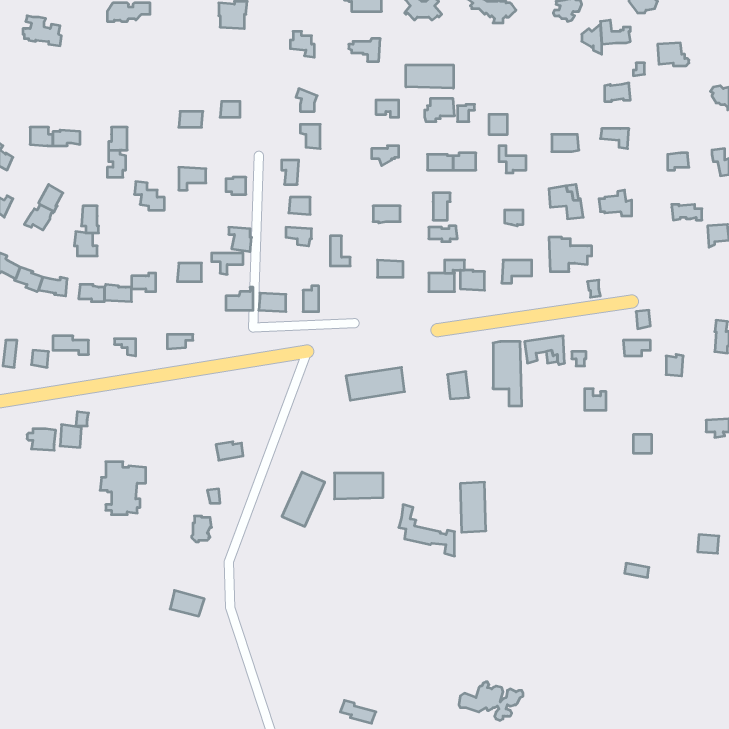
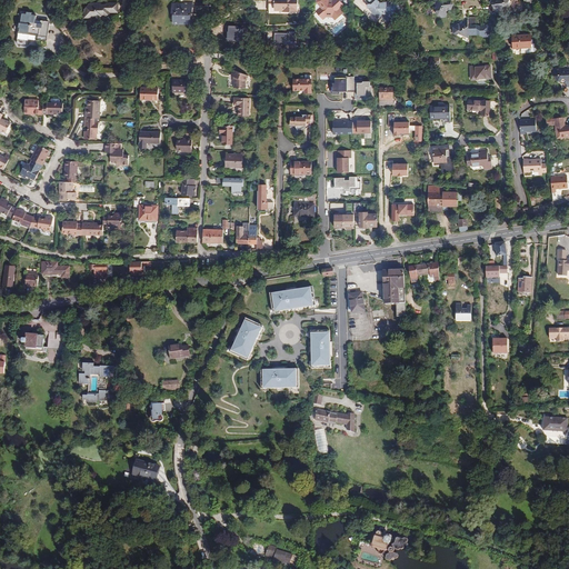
building: [406,65,453,88] -> none
building: [282,472,325,526] -> [229,317,262,359]
building: [460,482,486,532] -> [310,329,330,368]

